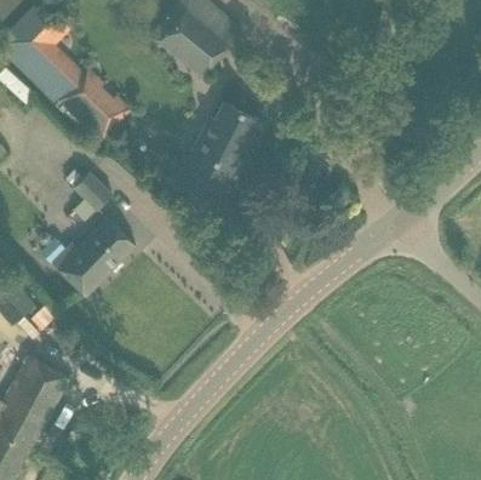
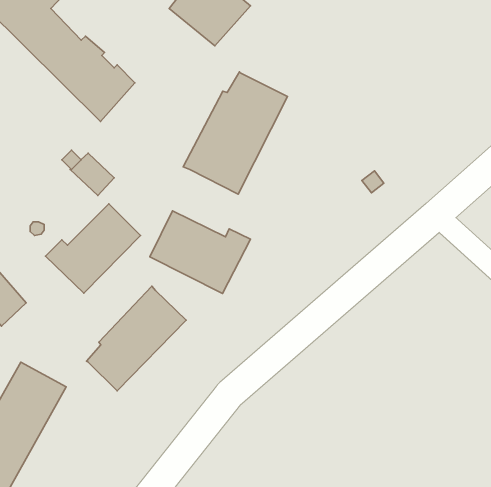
building: none -> [150,211,250,294]
building: none -> [87,286,186,391]

